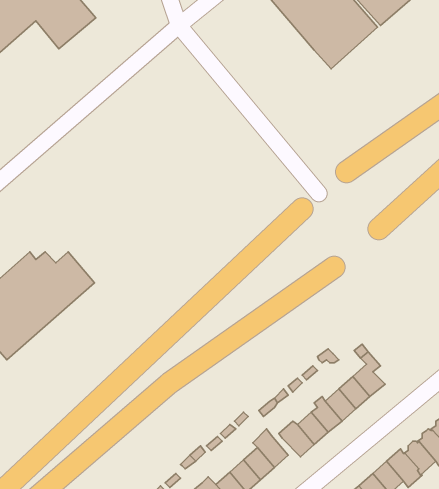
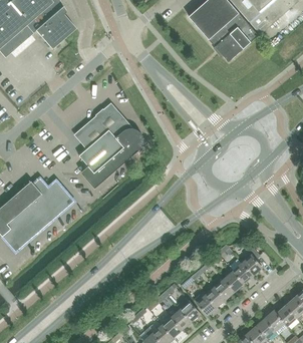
building: none -> [75,103,144,190]

